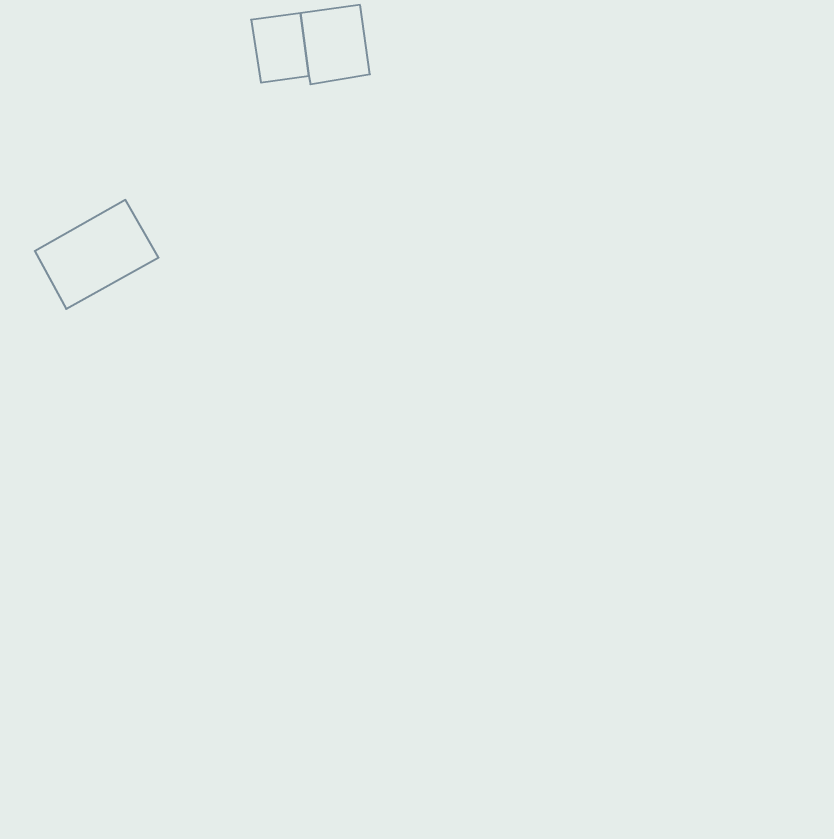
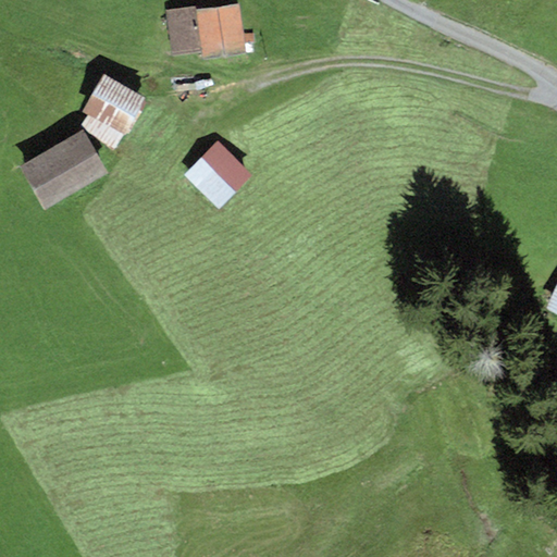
building: none -> [87,82,141,133]
building: none -> [184,141,248,206]

